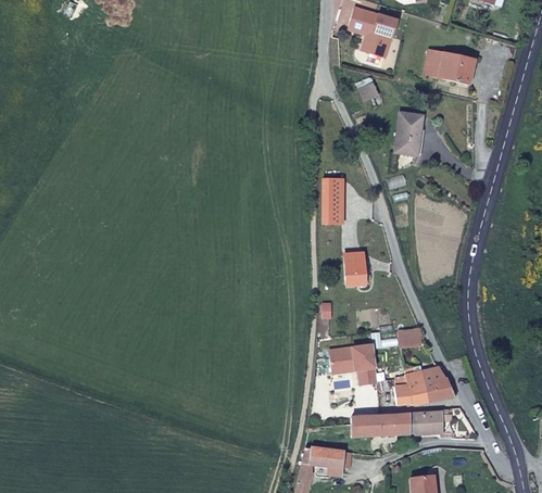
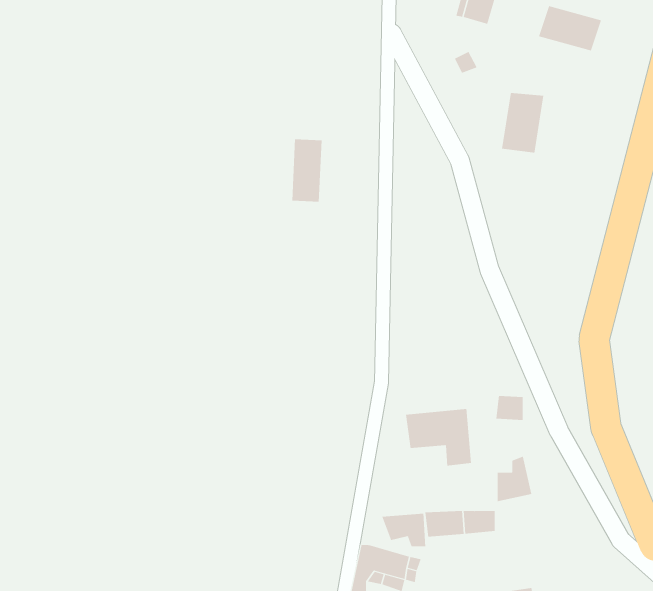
building: [324,177,346,224] -> [291,139,322,202]
building: [348,252,369,282] -> none
building: [415,370,451,405] -> none
building: [394,417,433,432] -> none
building: none -> [382,513,426,547]

